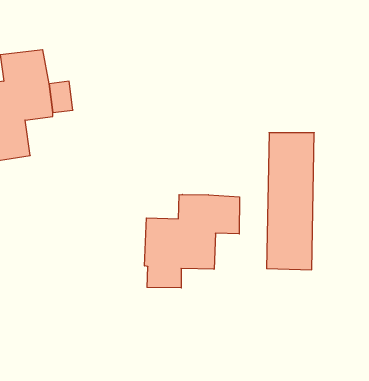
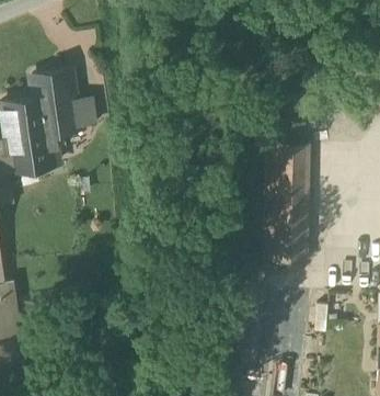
building: [145,194,239,288] -> none

